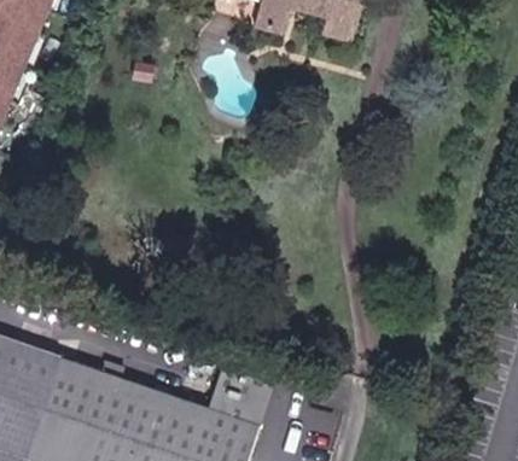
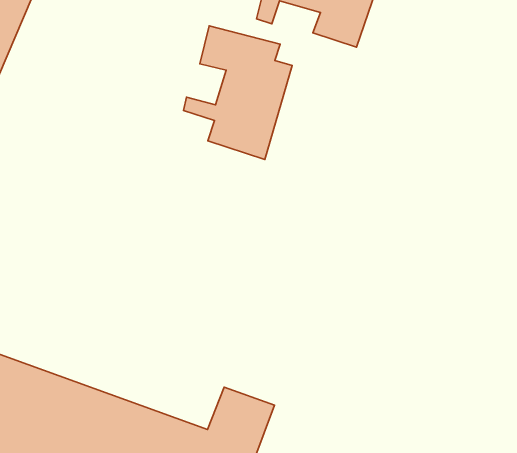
building: none -> [184,26,292,159]

